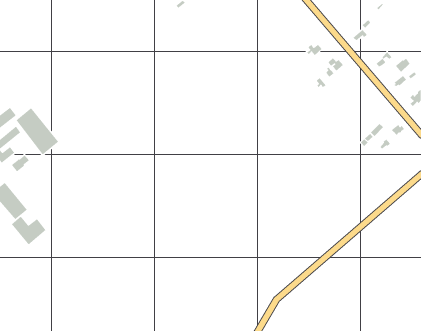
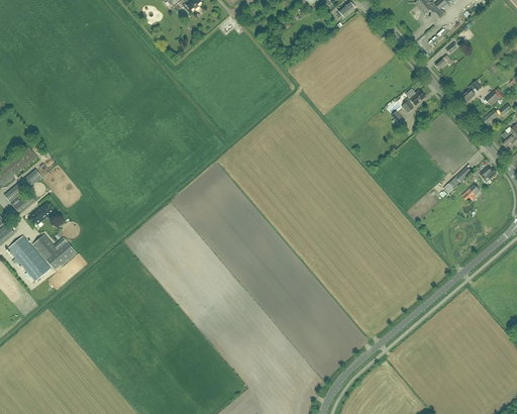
building: [16,107,59,156] -> none
building: [11,216,47,245] -> [32,234,75,270]

